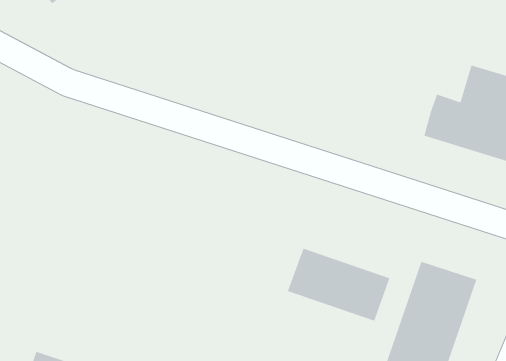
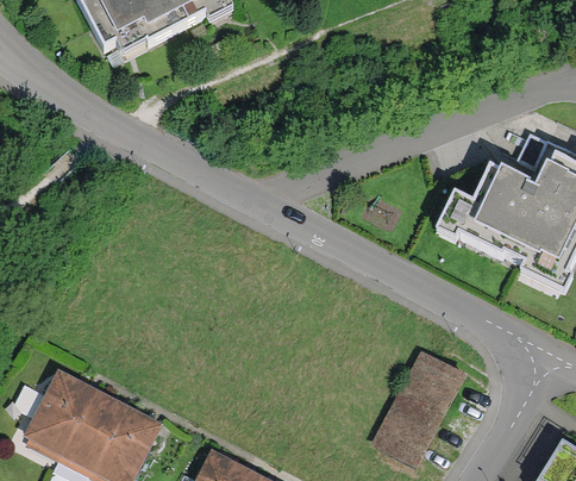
building: [287,248,390,322] -> none

